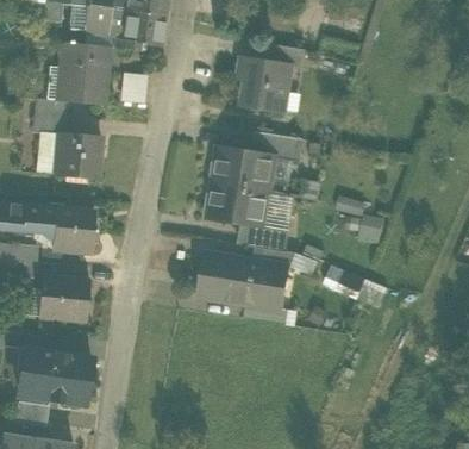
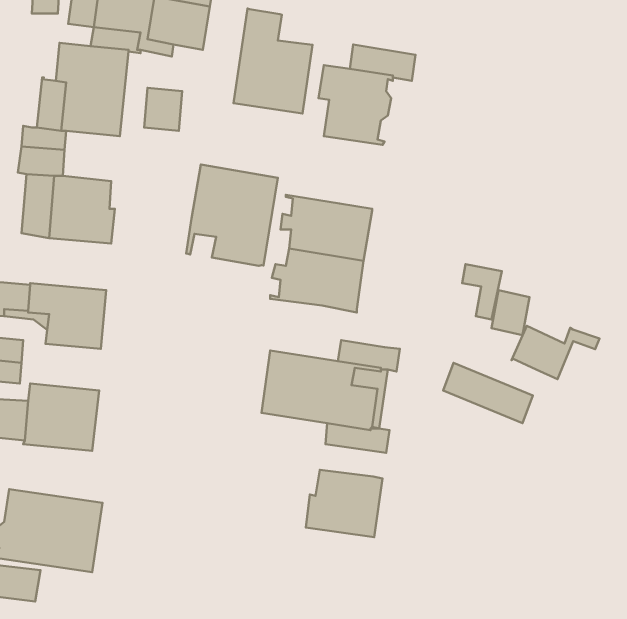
building: none -> [234,9,312,114]
building: none -> [186,164,278,266]
building: [255,130,304,160] -> none
building: [240,222,289,250] -> none
building: none -> [512,326,600,379]
building: none -> [306,470,382,537]

